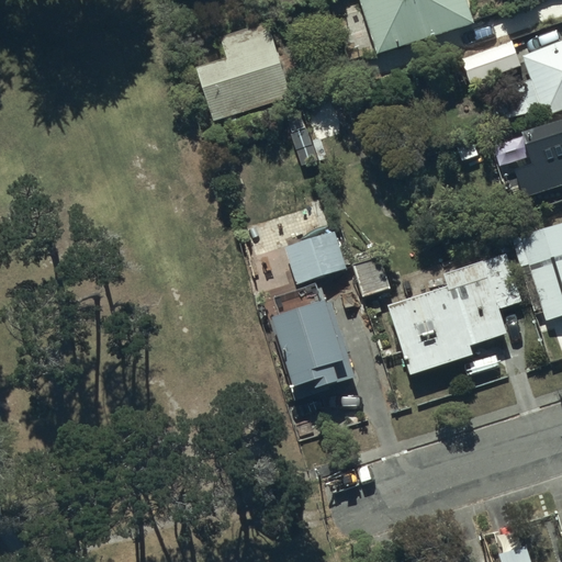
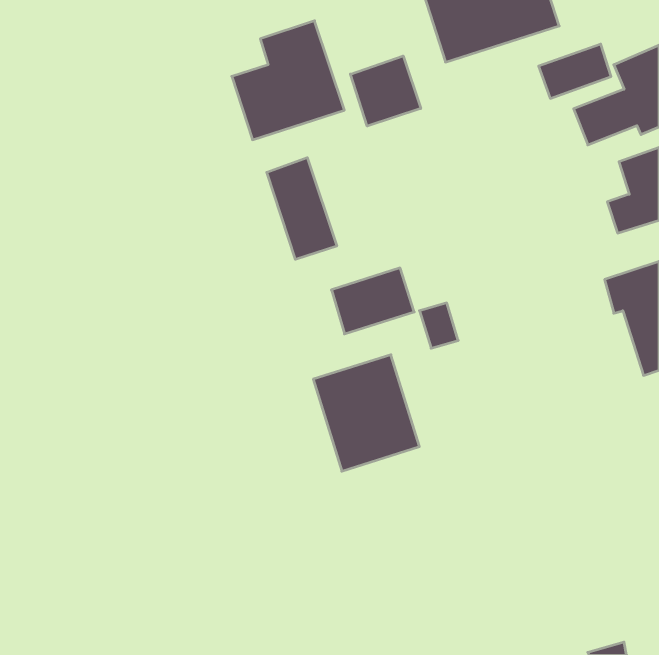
building: none -> [350,56,421,126]
building: none -> [267,158,337,259]
building: [389,251,525,375] -> none

